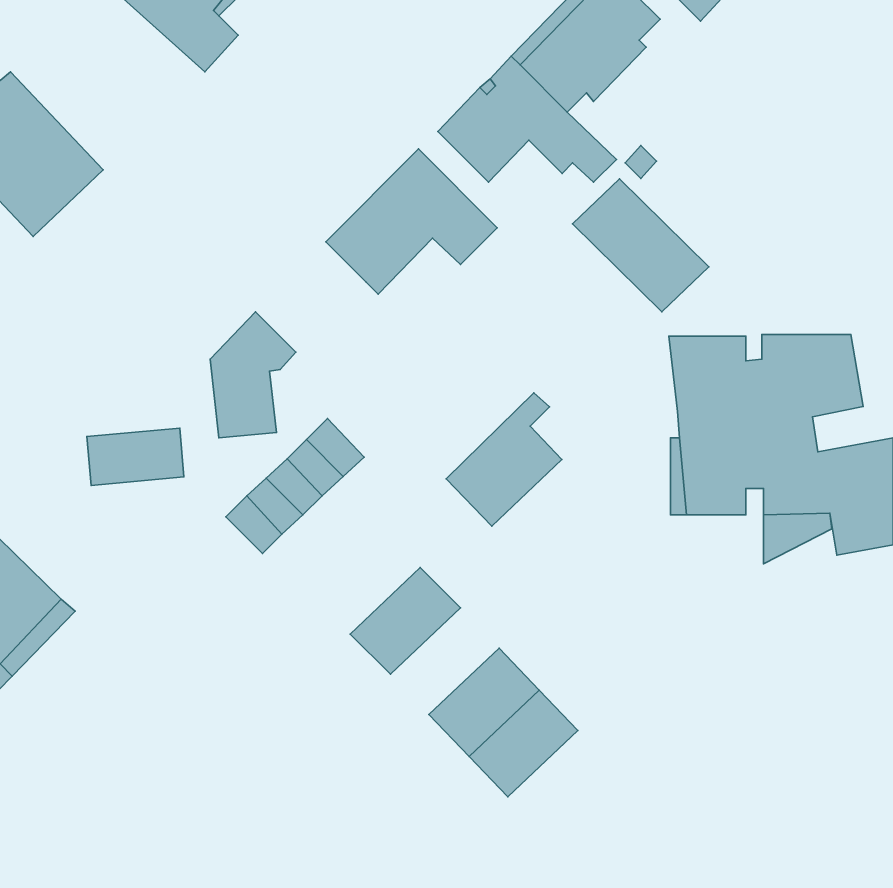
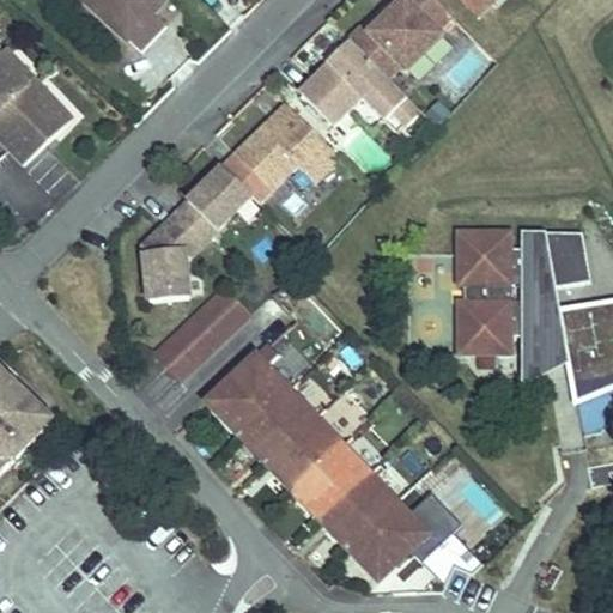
building: [572,179,709,312] -> none
building: none -> [175,165,250,241]
building: [446,393,562,526] -> [208,342,287,433]
building: [87,428,184,485] -> none
building: none -> [267,415,341,488]
building: none -> [347,499,455,578]

